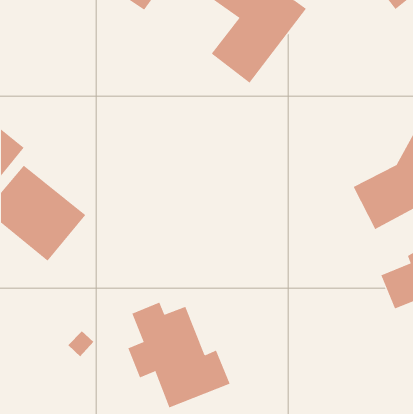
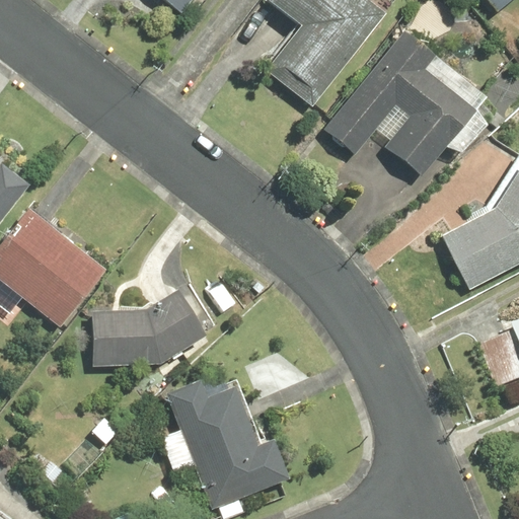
building: none -> [321,28,478,177]
building: none -> [92,287,209,366]

